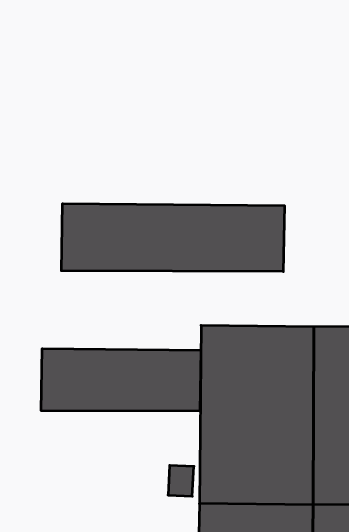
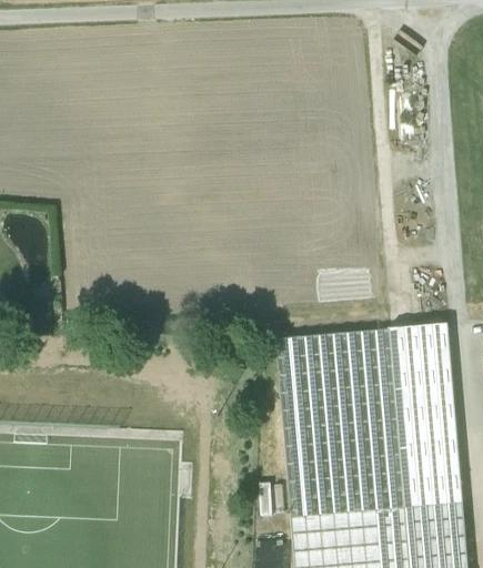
building: [61,204,284,272] -> none
building: [41,349,201,411] -> none

